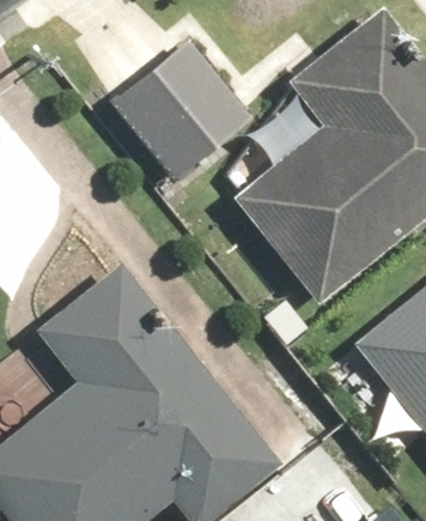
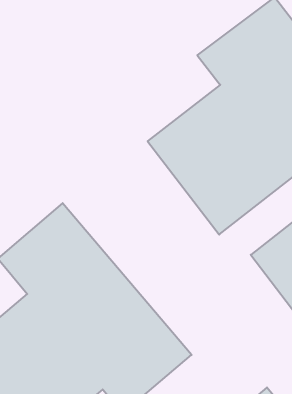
building: [106,37,257,188] -> none

